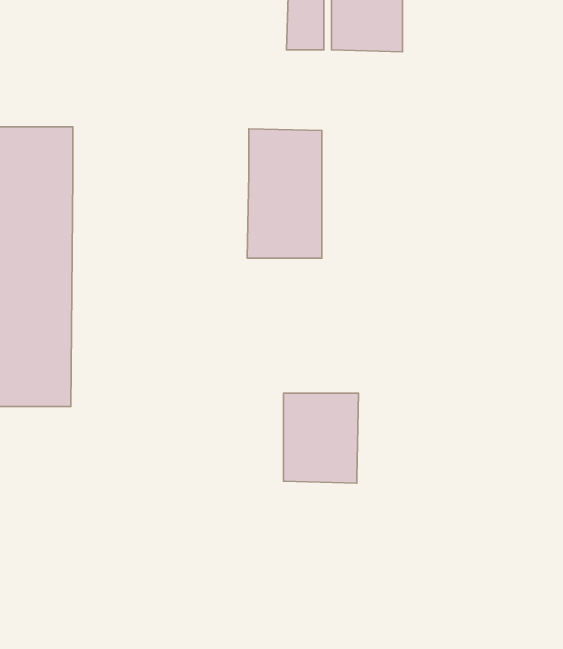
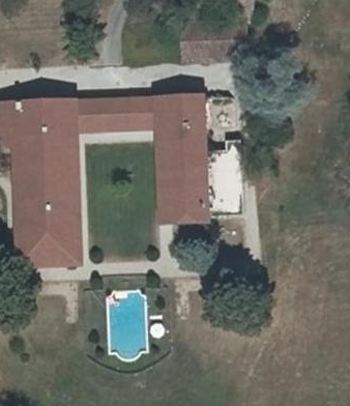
building: none -> [69,99,167,126]
building: [284,393,359,483] -> [166,172,207,222]

